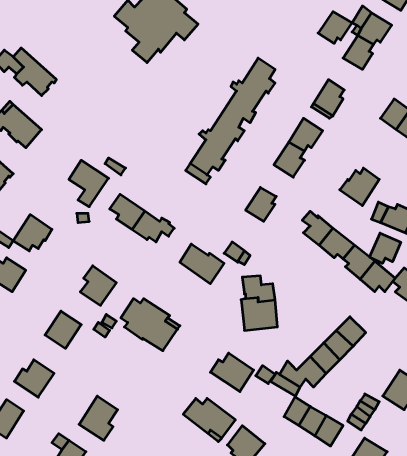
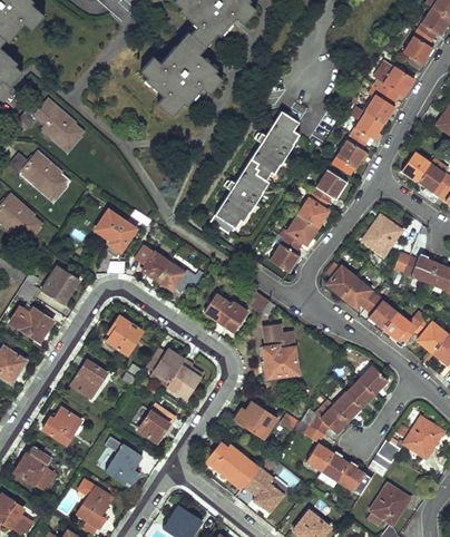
building: [318,12,352,43] -> [351,111,384,143]
building: none -> [284,216,316,247]
building: [370,233,401,263] -> none
building: none -> [139,403,177,442]

